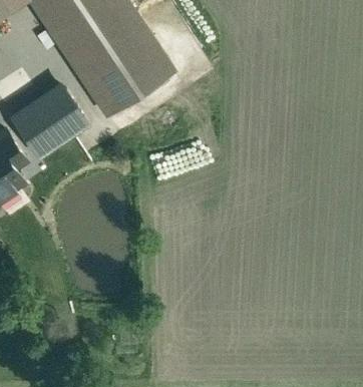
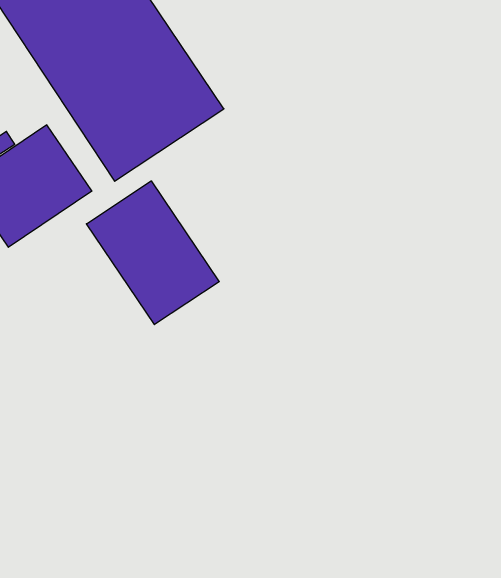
building: none -> [86,181,219,325]

